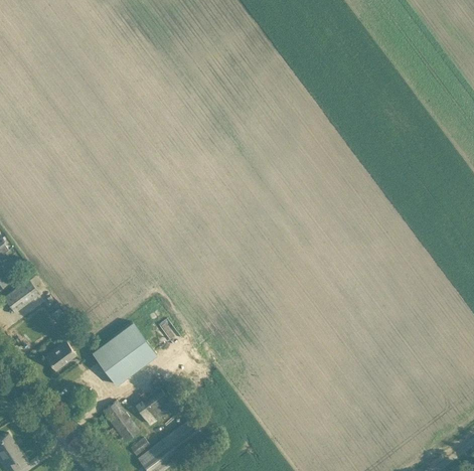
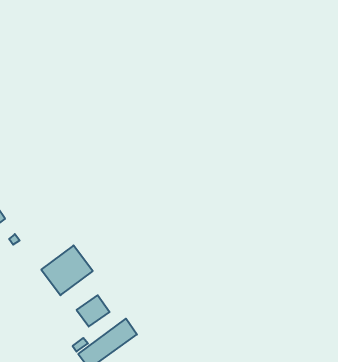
building: [45,341,75,370] -> none
building: [103,402,140,443] -> none

